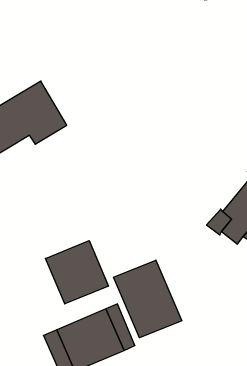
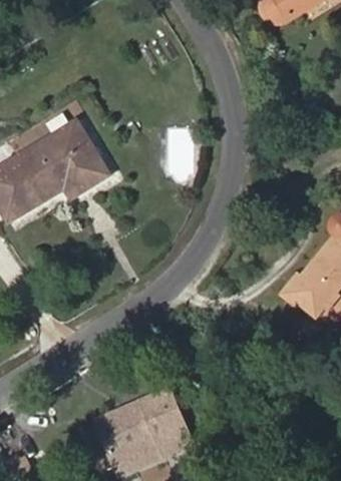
building: [45,241,108,304] -> none
building: [114,260,182,338] -> none

